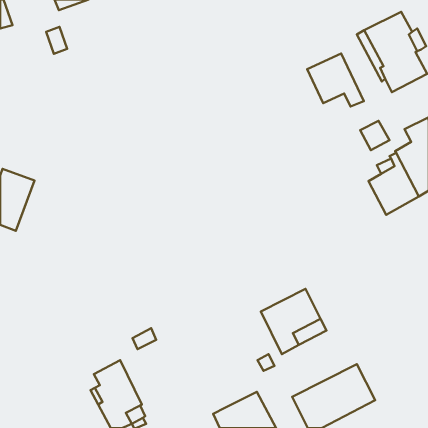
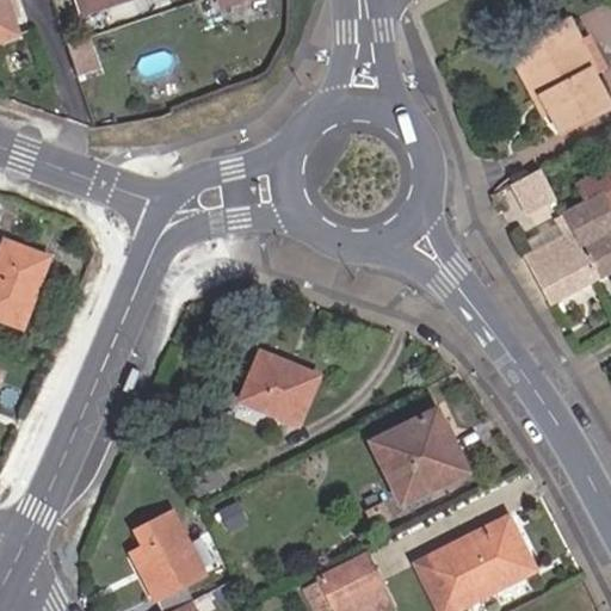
building: [307,54,364,107] -> none
building: none -> [240,352,317,422]

